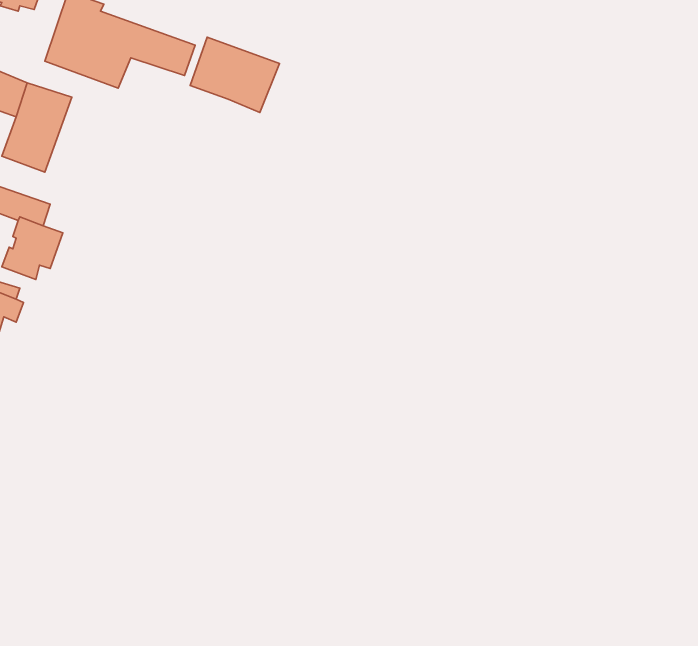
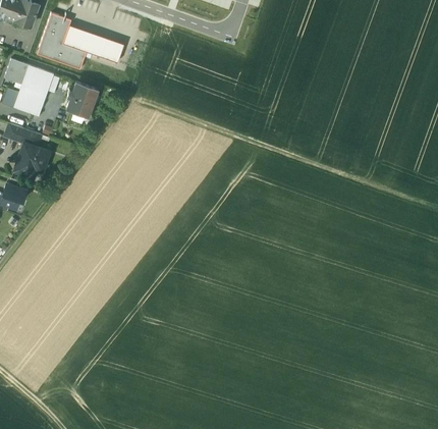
building: [190,37,279,112] -> none
building: none -> [65,82,97,117]

